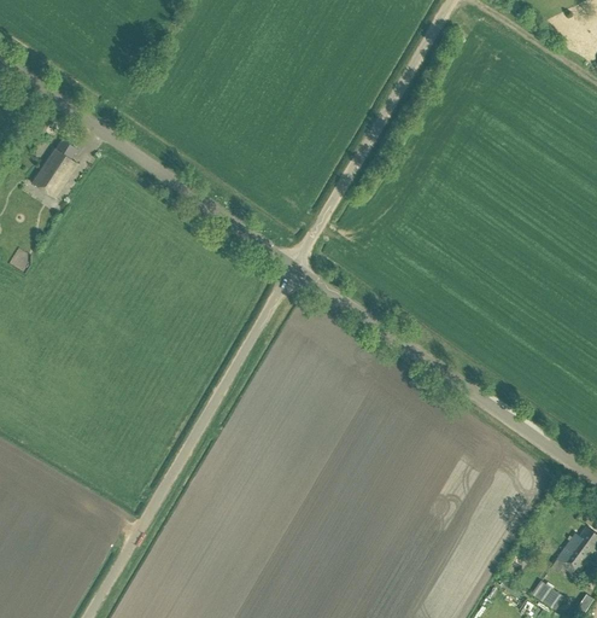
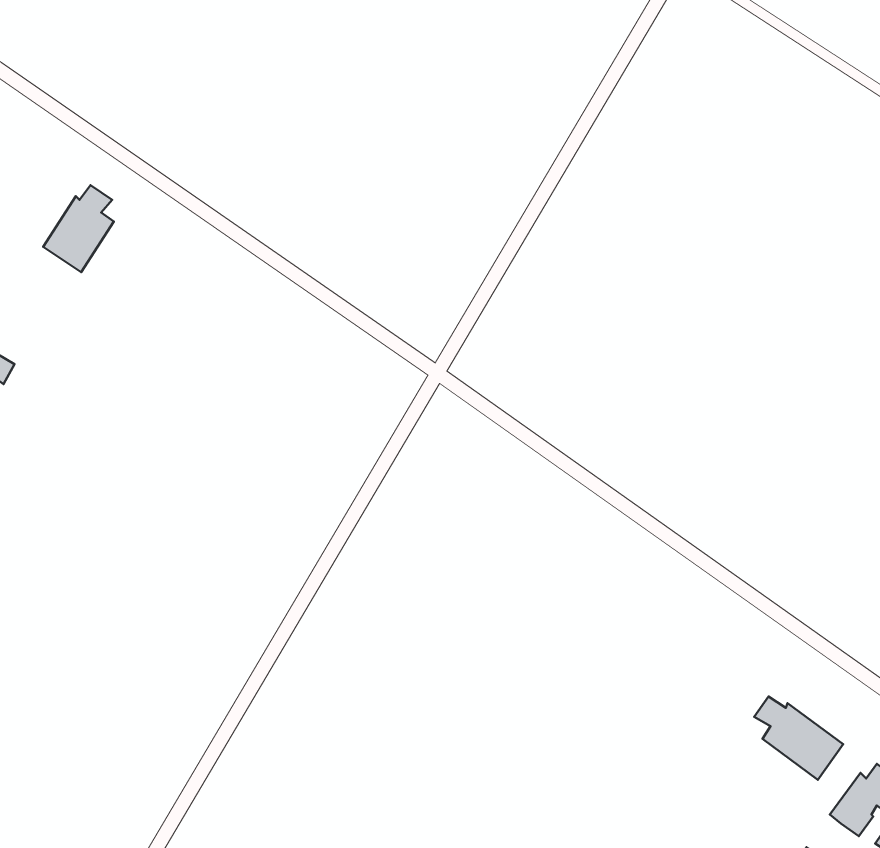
building: none -> [754,697,843,780]

